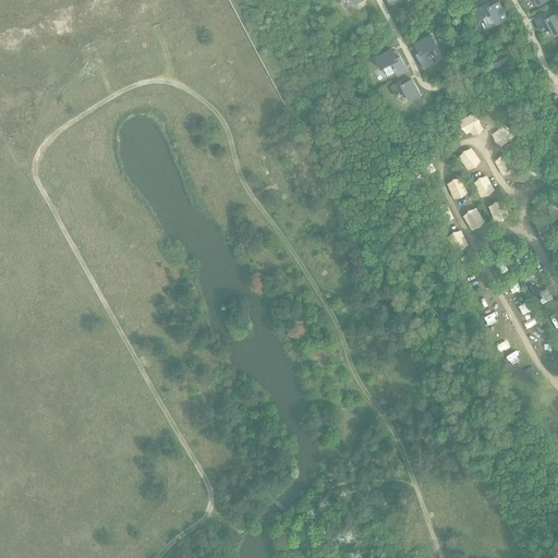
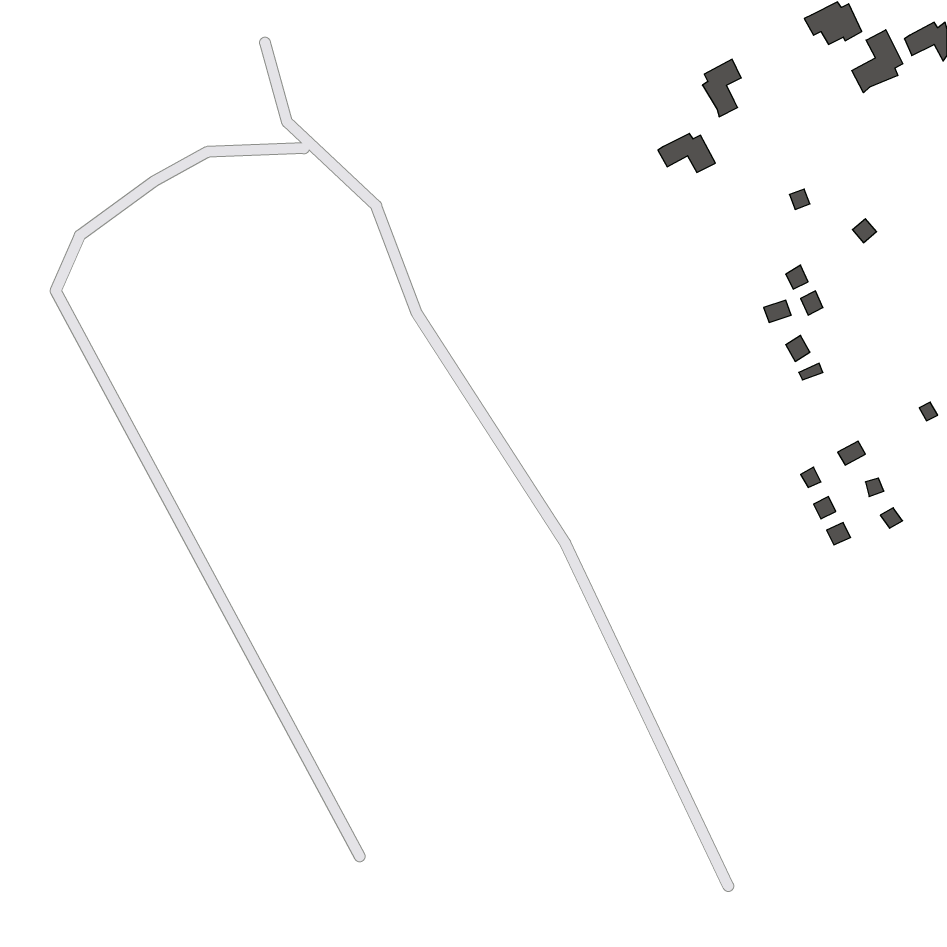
building: none -> [852,30,903,93]
building: [375,49,407,76] -> none

